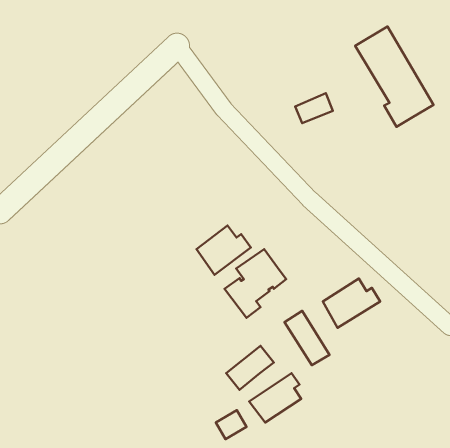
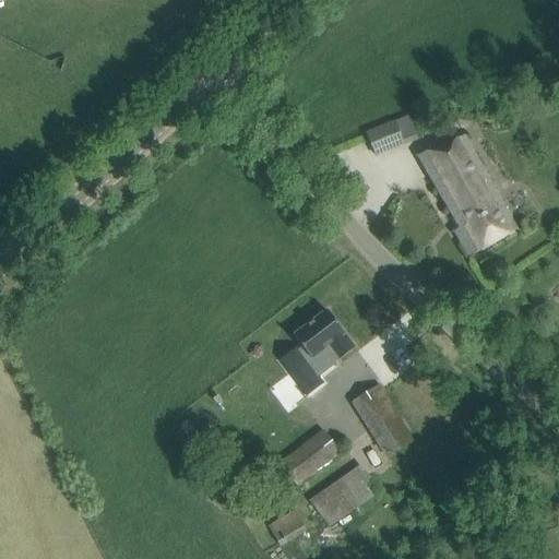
building: [355,26,433,127] -> [417,131,514,255]
building: [197,225,251,275] -> none
building: [323,279,380,328] -> none

